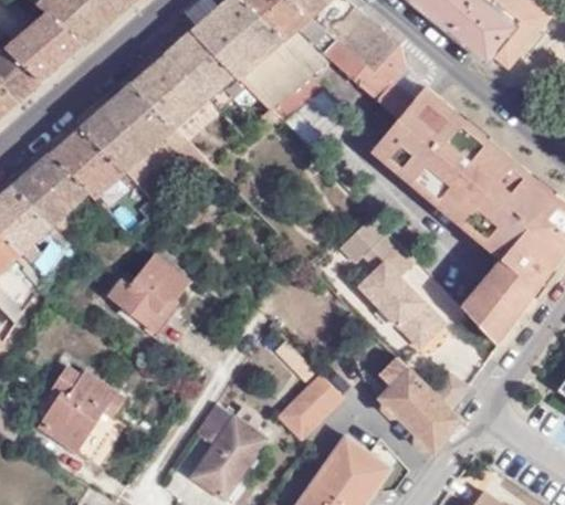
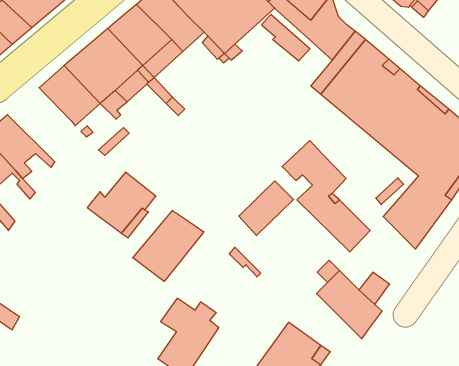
building: [10,154,86,242] -> none
building: none -> [133,210,204,281]
building: [35,368,122,452] -> none
building: [276,372,342,438] -> [239,181,294,236]

